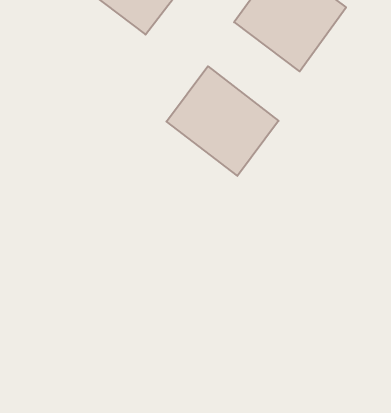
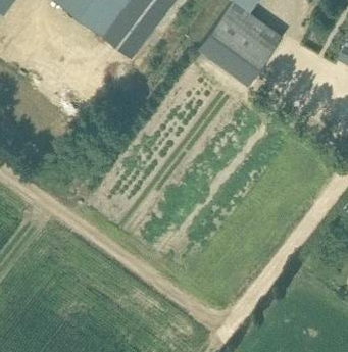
building: [166,66,279,176] -> none

